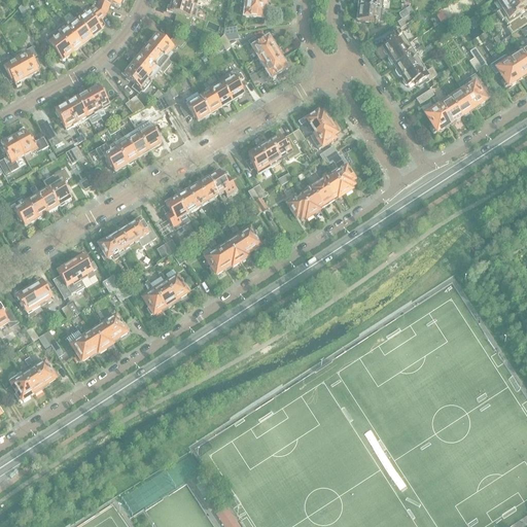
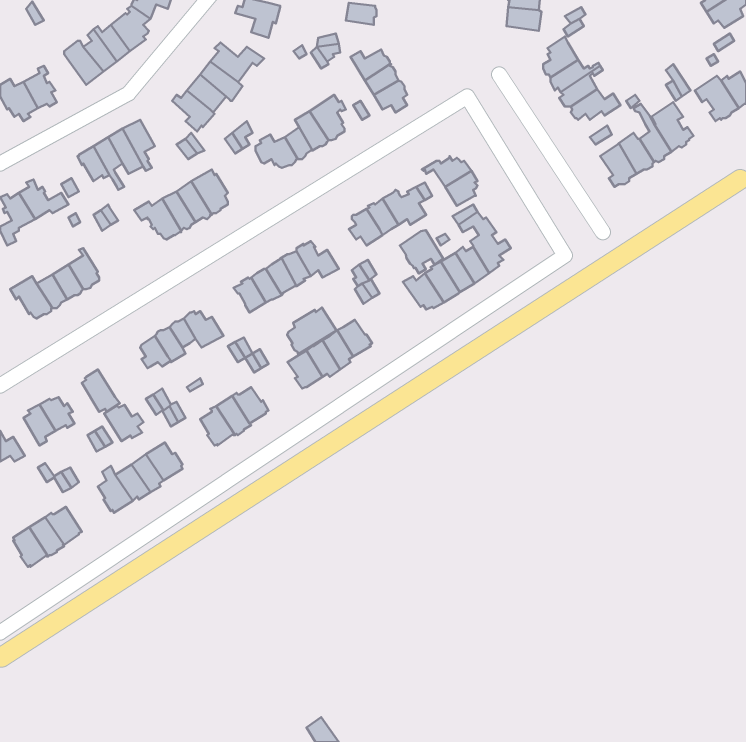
building: none -> [400,230,443,273]
building: none -> [287,308,337,354]
building: [69,254,97,280] -> [104,405,143,441]

